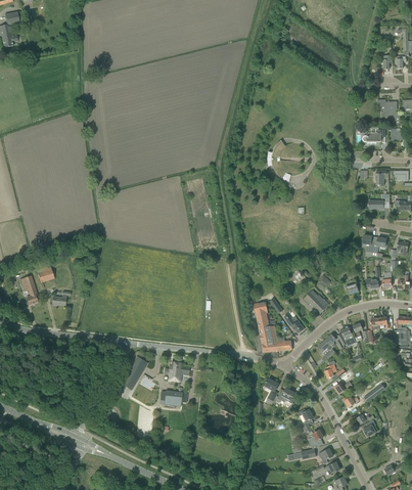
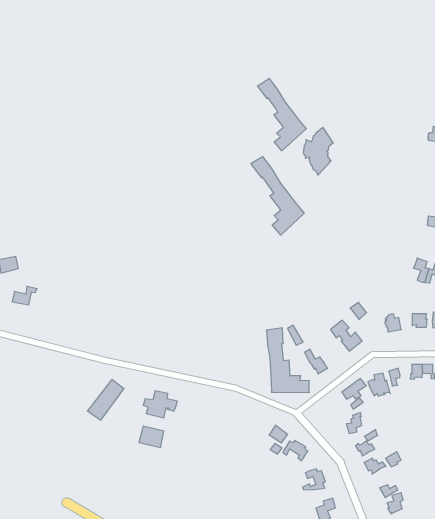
building: none -> [257,78,306,151]
building: none -> [251,156,304,235]

